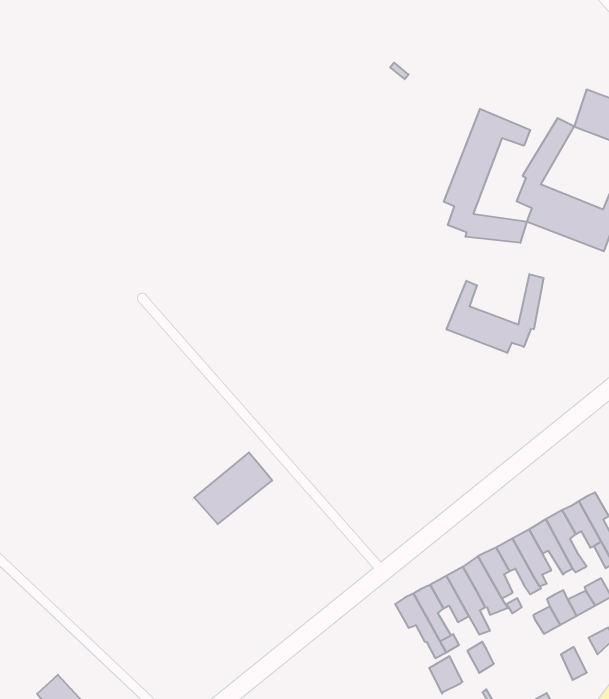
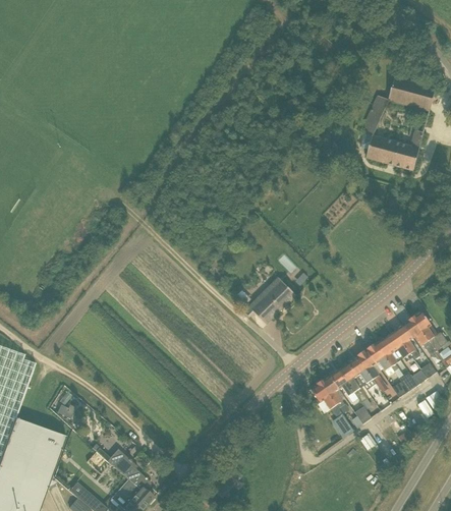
building: [444,109,530,243] -> none
building: [447,274,544,353] -> none
building: [194,452,272,524] -> [250,279,295,323]

